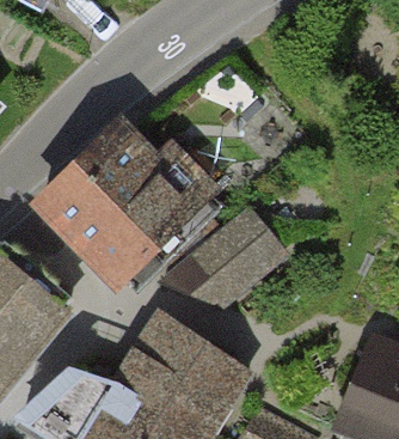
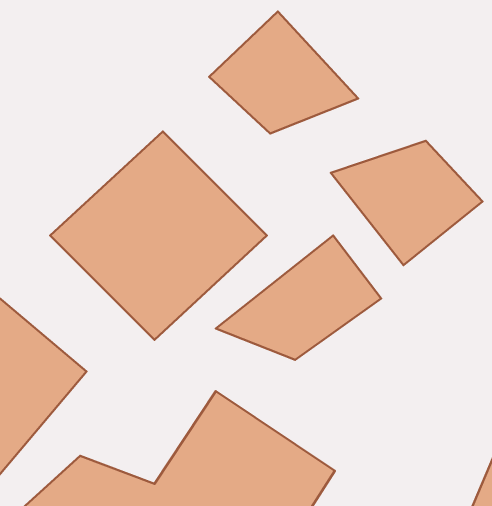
building: none -> [209,12,358,134]
building: none -> [331,141,482,265]

